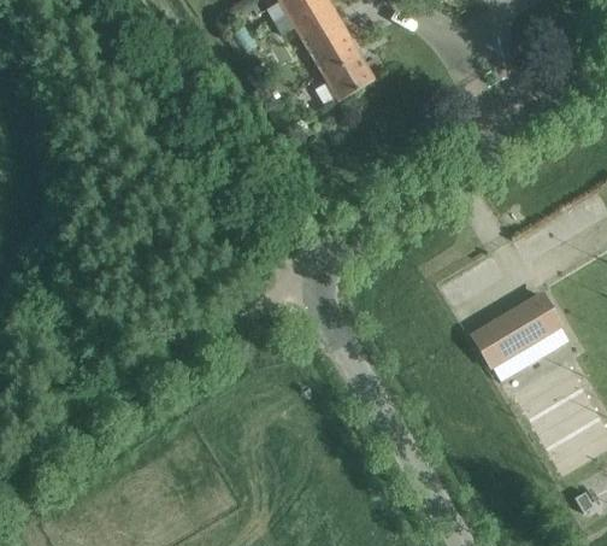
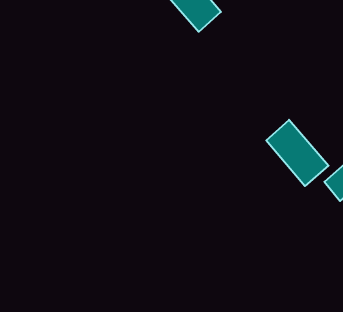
building: none -> [266,120,329,186]

